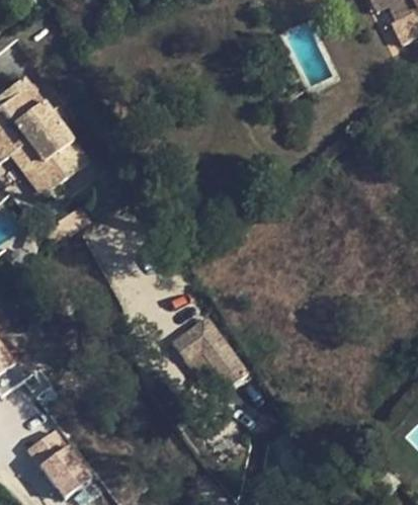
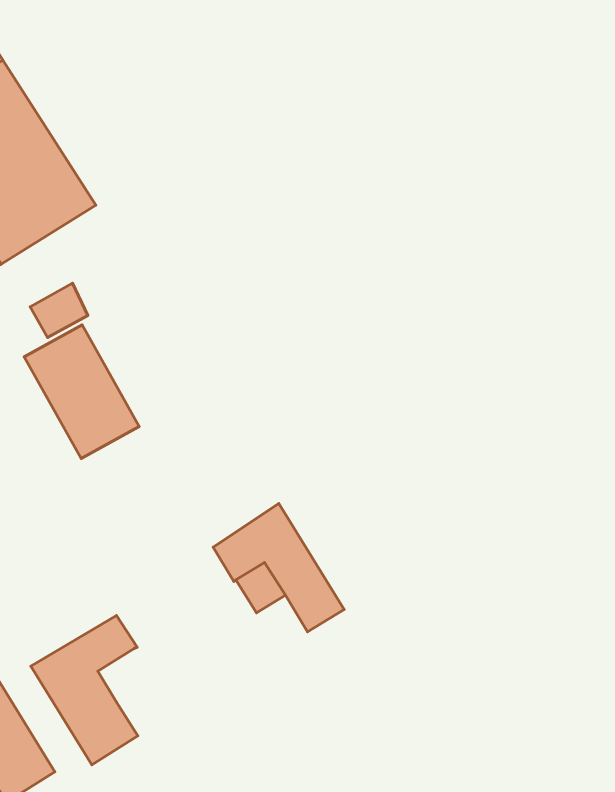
building: none -> [24,325,139,458]
building: none -> [31,616,138,765]

